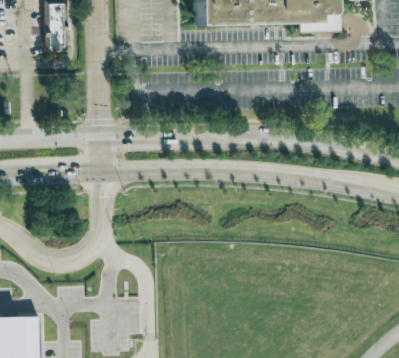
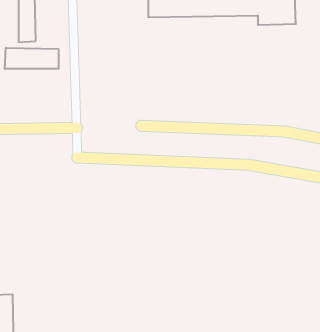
building: none -> [5,48,58,69]

